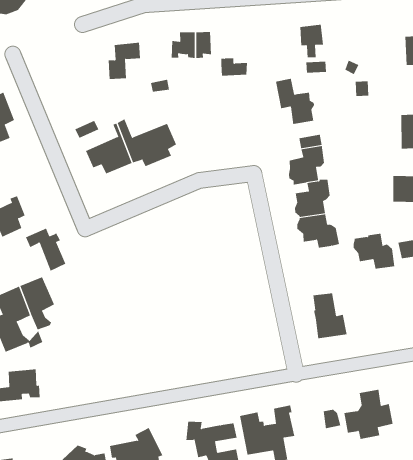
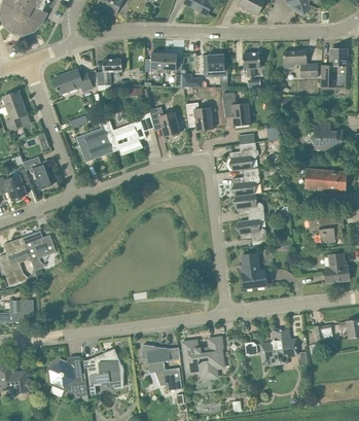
building: none -> [283,50,319,78]
building: none -> [208,52,227,78]
building: none -> [55,69,94,94]
building: none -> [186,103,214,132]
building: none -> [149,107,180,138]
building: [25,228,66,271] -> [23,156,52,189]
building: [353,233,395,269] -> [237,219,267,246]

